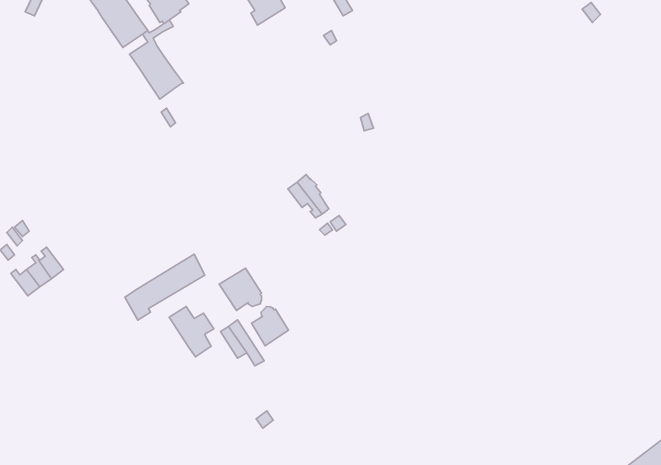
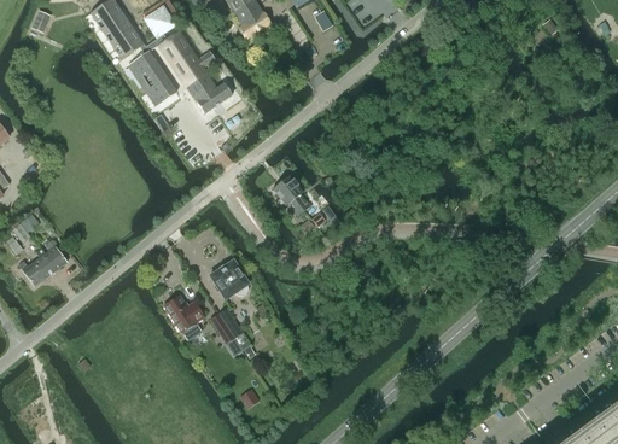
building: none -> [157,30,232,112]
building: [125,254,205,320] -> none
building: [251,307,289,346] -> none

